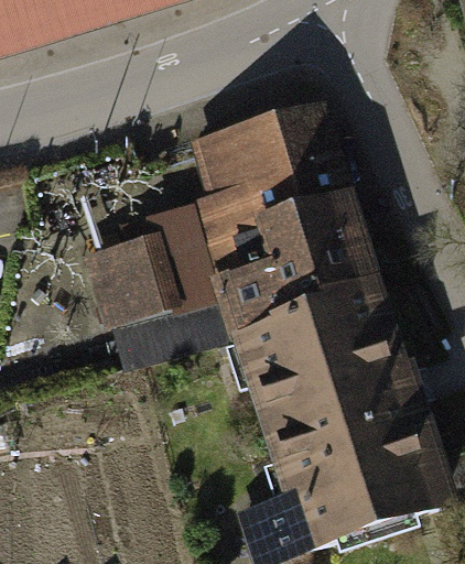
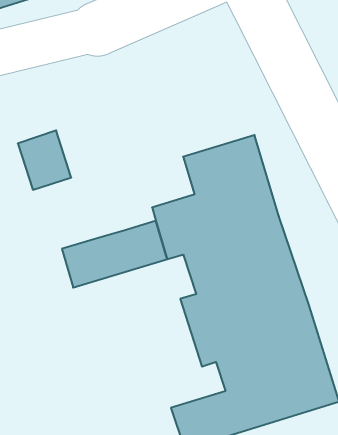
building: [201,105,345,272] -> none
building: [96,228,190,321] -> none

